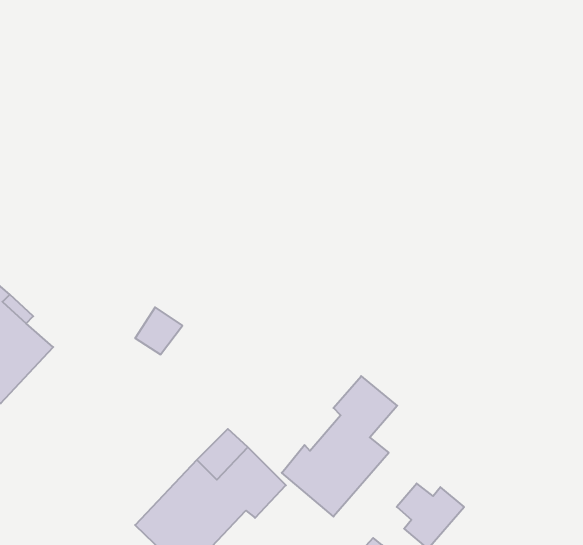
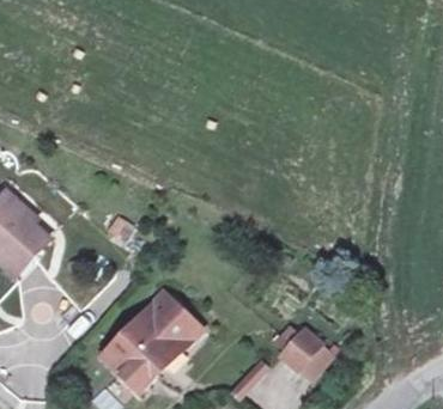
building: [282,376,397,517] -> none

